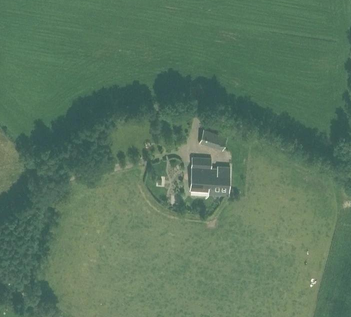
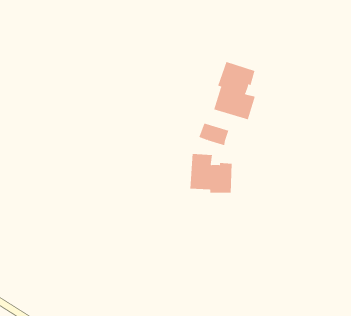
building: none -> [214,61,256,120]

